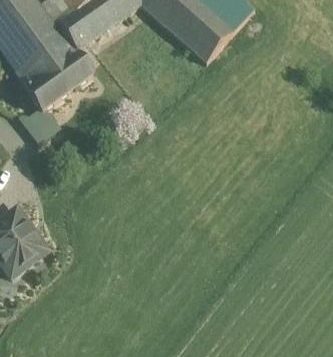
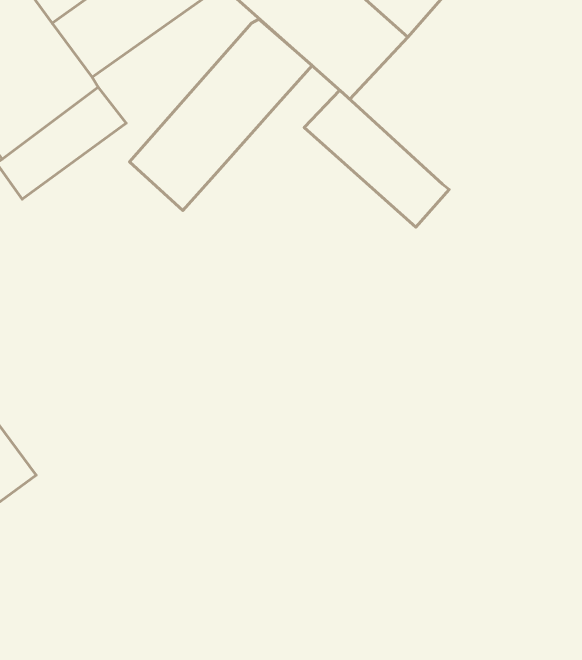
building: none -> [130,19,312,211]
building: none -> [304,90,449,227]

